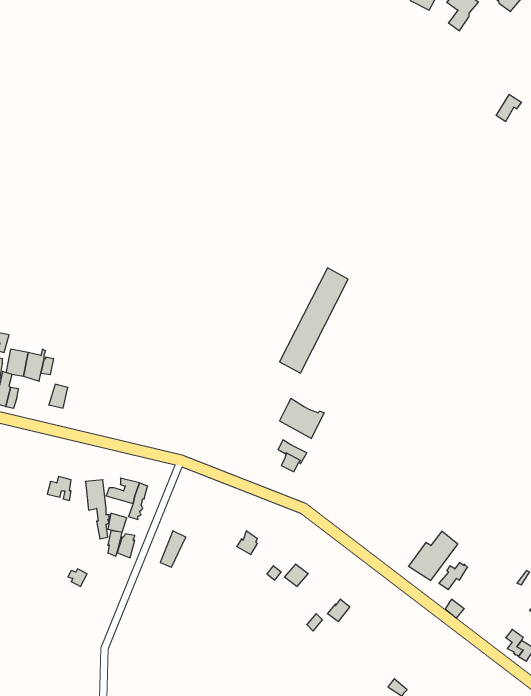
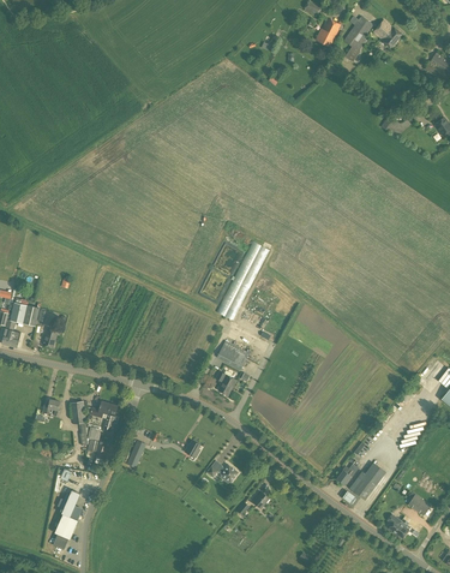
building: [408,531,458,581] -> [348,461,385,499]
building: none -> [52,489,79,548]

